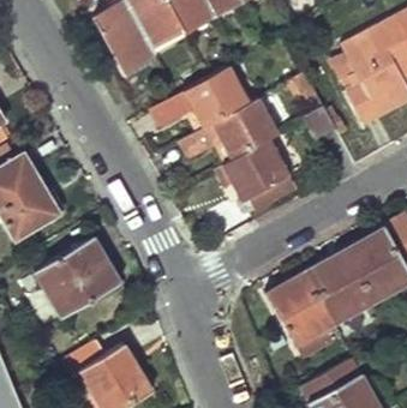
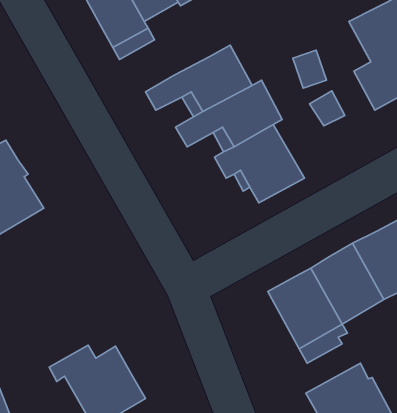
building: [34,235,121,316] -> none

